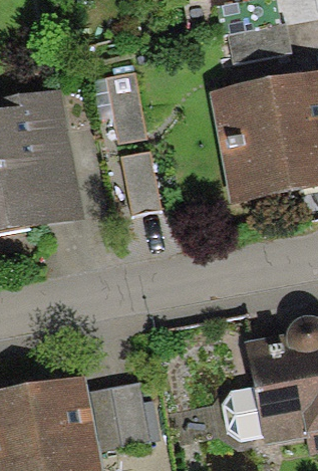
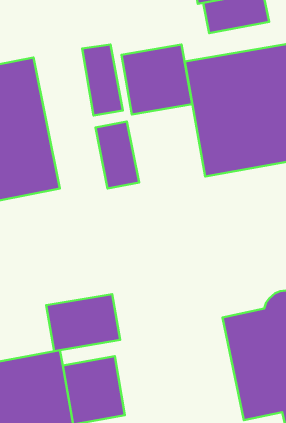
building: none -> [121,44,192,115]
building: none -> [46,294,120,351]

